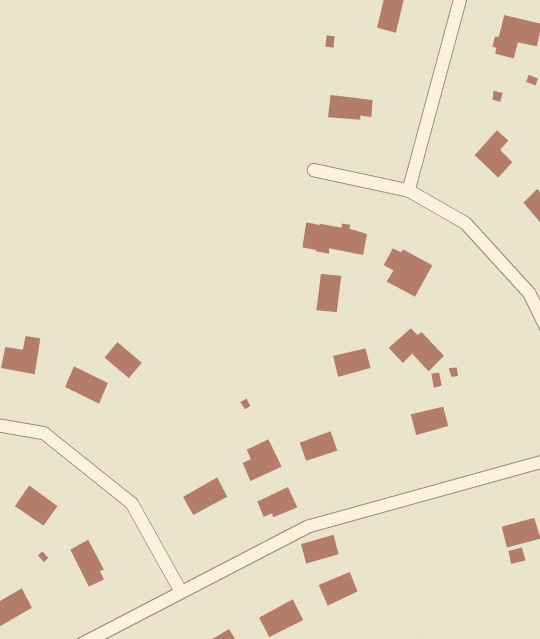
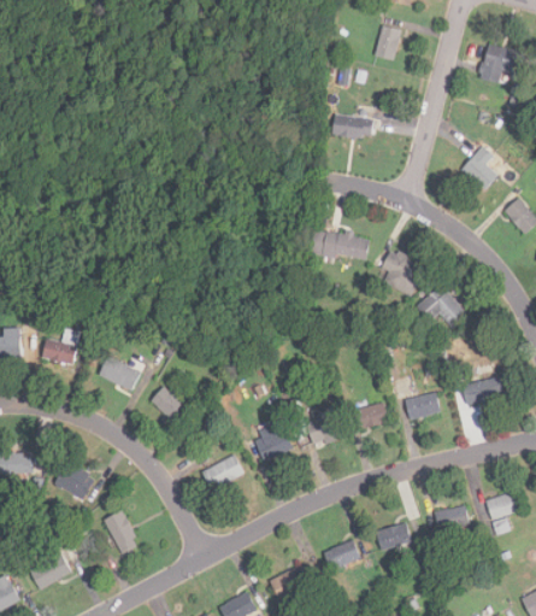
building: [316,273,342,313] -> none
building: [388,327,445,372] -> [417,288,467,328]
building: [104,341,143,379] -> [152,387,187,421]
building: [332,348,371,378] -> [354,403,389,429]
building: none -> [464,376,503,404]
building: [257,486,298,518] -> none
building: none -> [435,504,470,530]
building: [300,534,340,564] -> [377,522,412,548]

